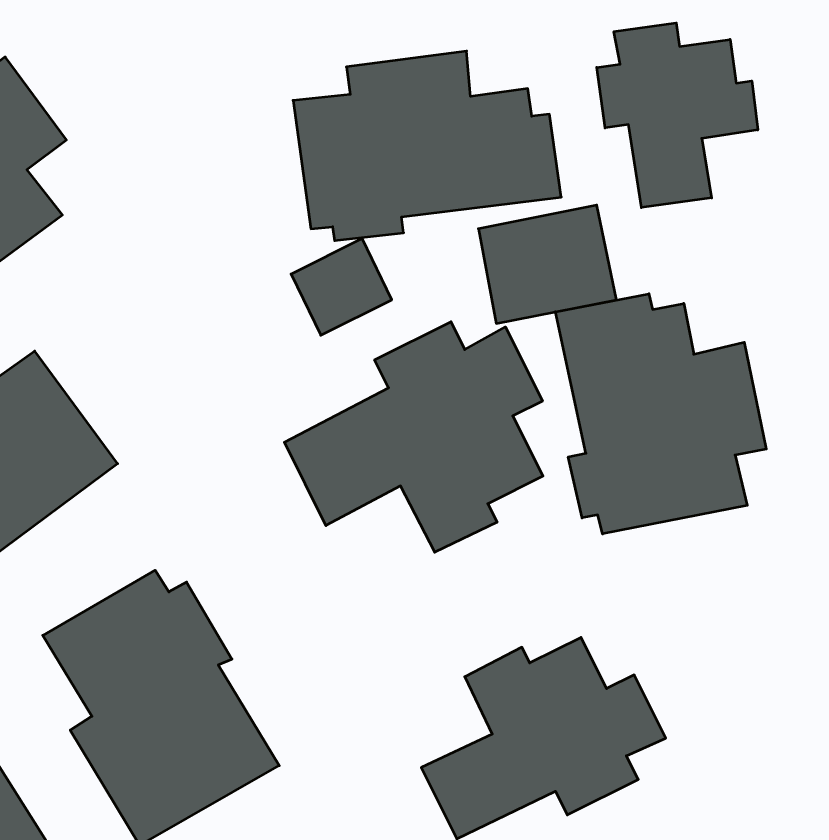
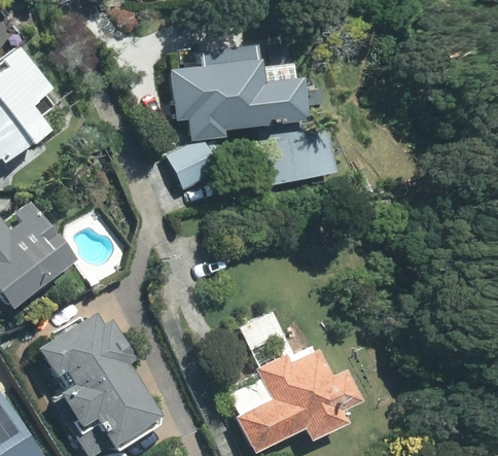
building: [597,23,758,208] -> none
building: [555,294,766,534] -> none
building: [284,322,543,552] -> none

